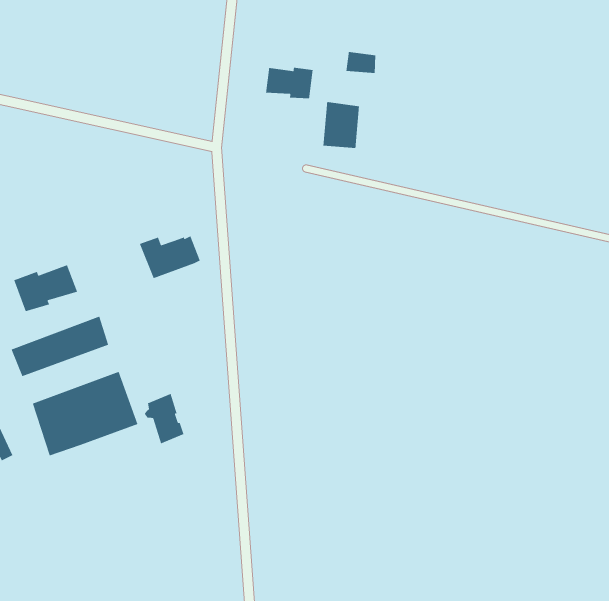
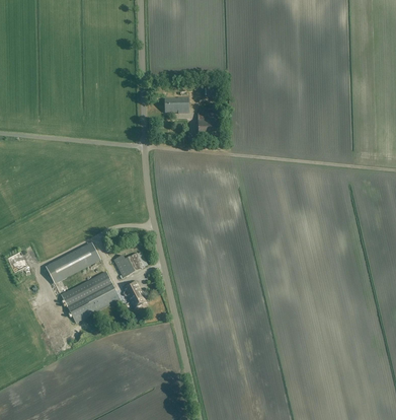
building: [139,235,201,279] -> [112,252,147,278]
building: [13,264,78,312] -> none

